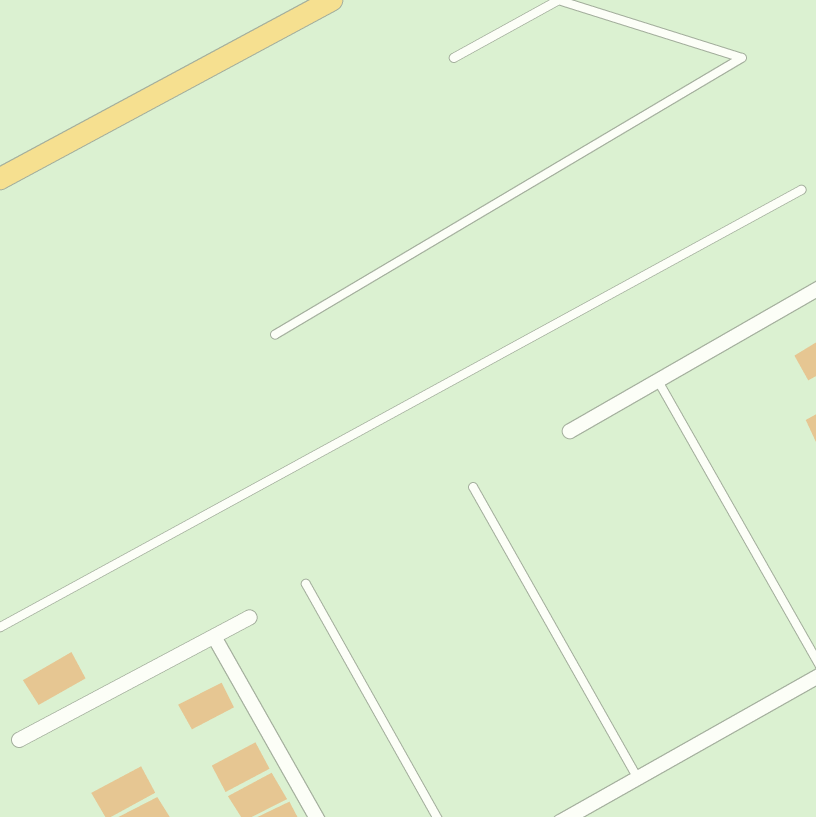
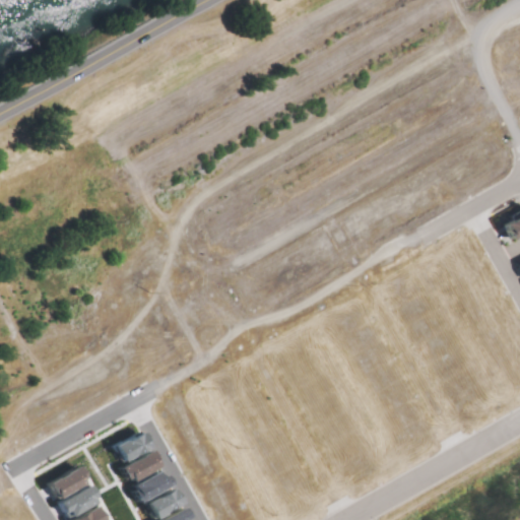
building: [22,651,86,706] -> [51,467,91,502]
building: none -> [126,452,164,484]

